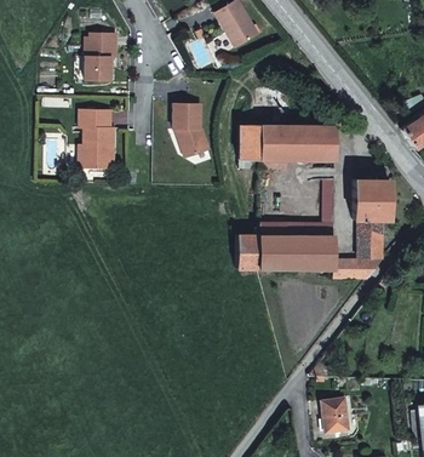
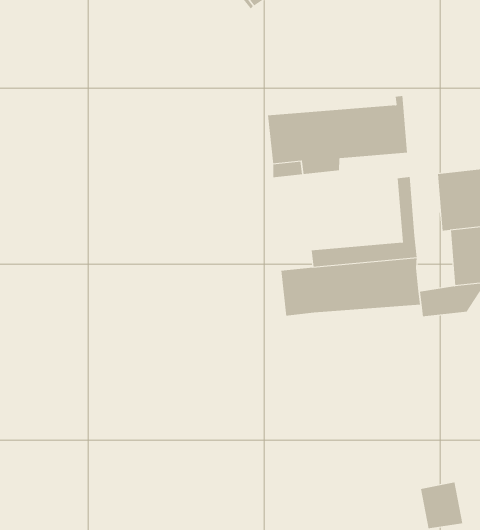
building: [85,33,118,80] -> none
building: [174,103,211,155] -> none
building: [79,109,115,167] -> none

